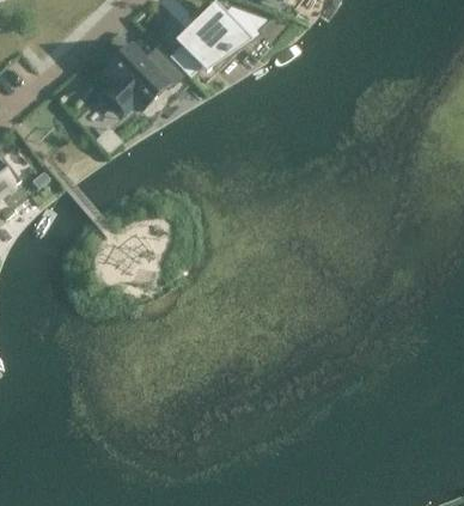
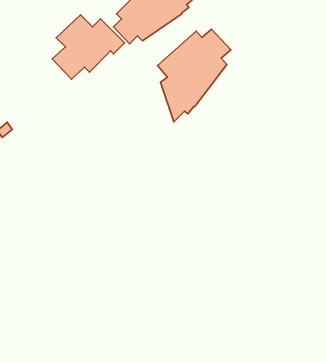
building: none -> [157,29,231,122]

